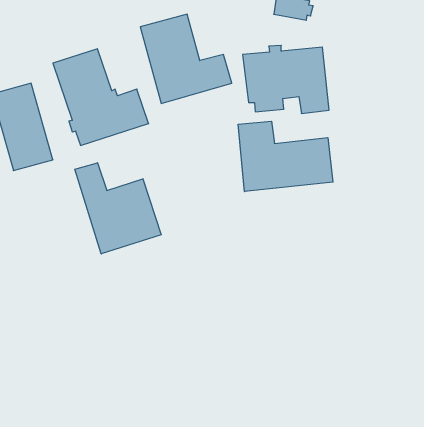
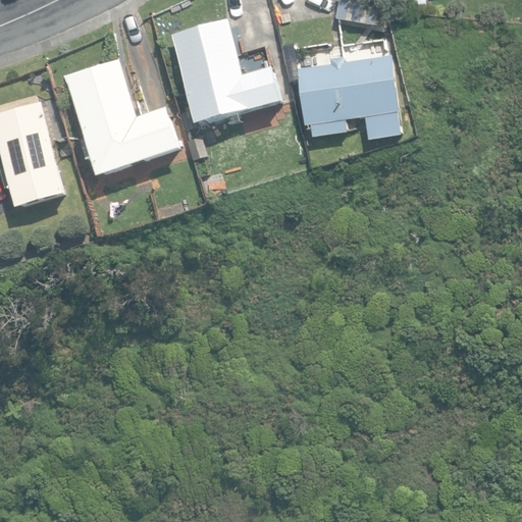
building: [238,121,333,192] -> none
building: [75,163,161,254] -> none

